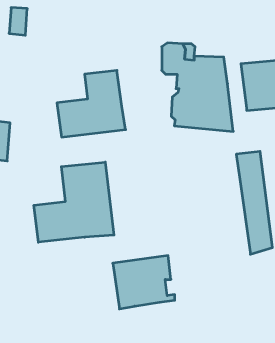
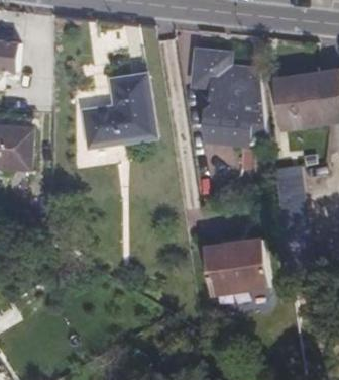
building: [34,162,114,242] -> none
building: [113,256,175,309] -> [202,239,267,295]

